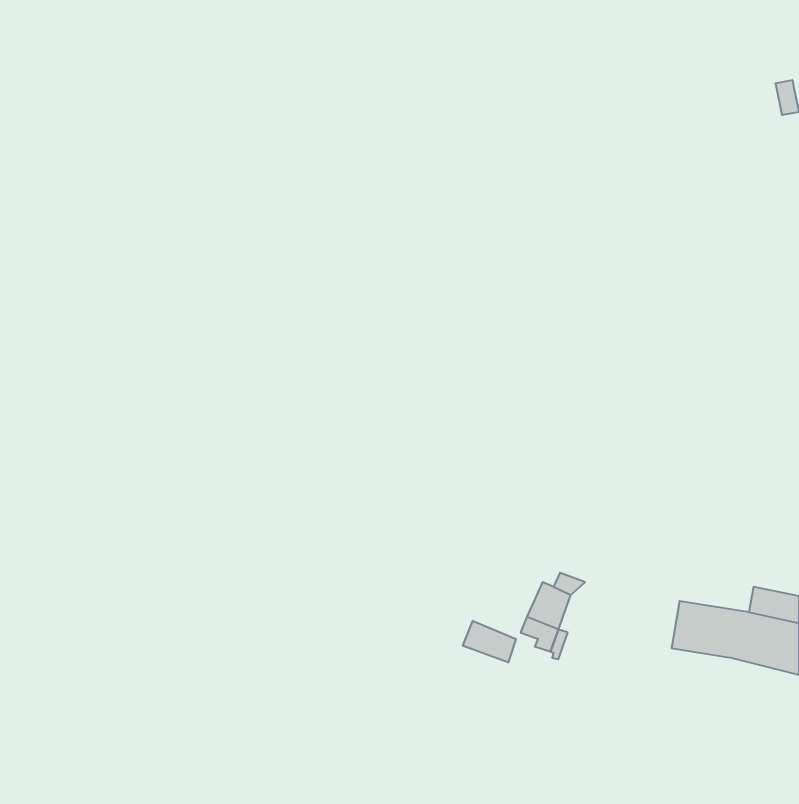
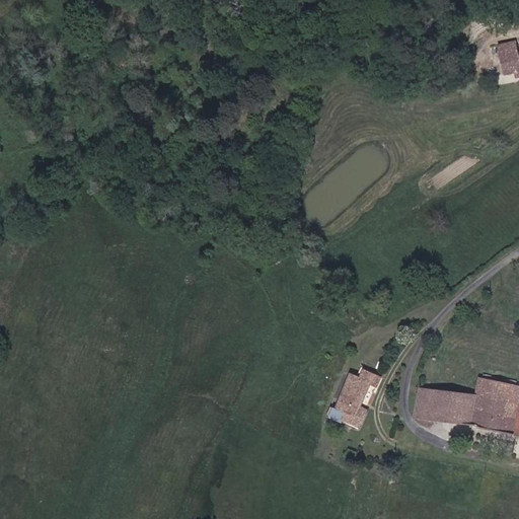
building: none -> [418,384,438,418]
building: [463,621,516,663] -> none

